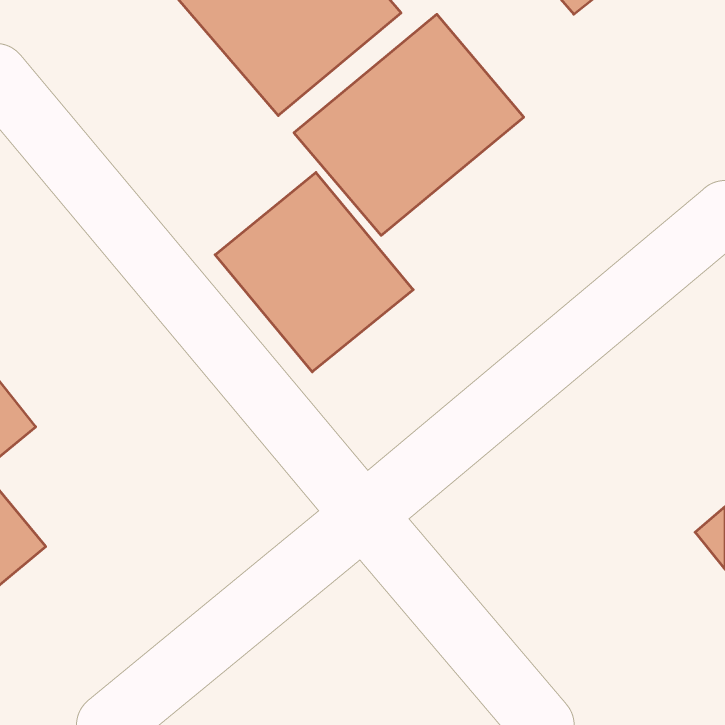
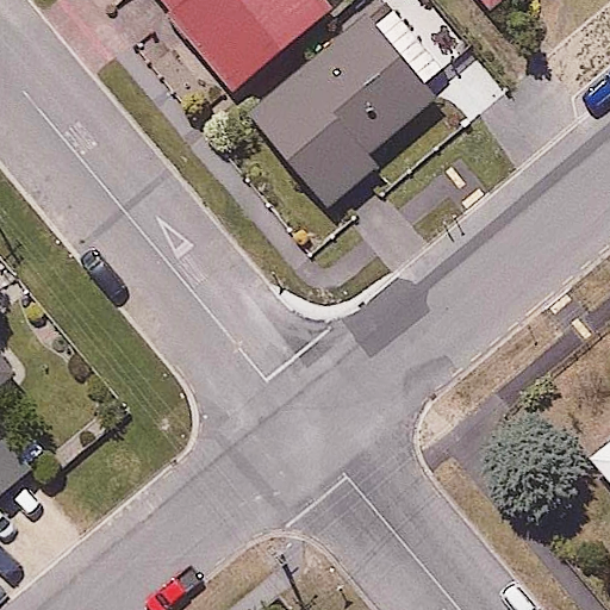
building: [215,172,413,372] -> none

